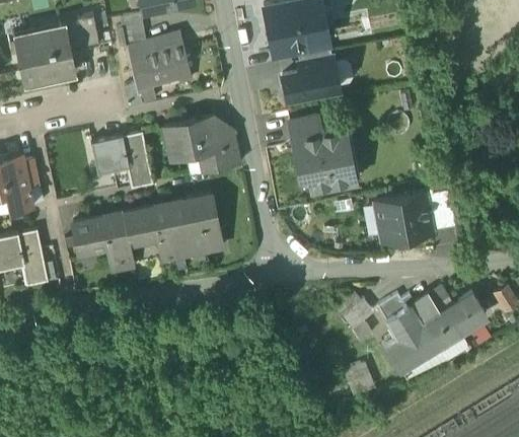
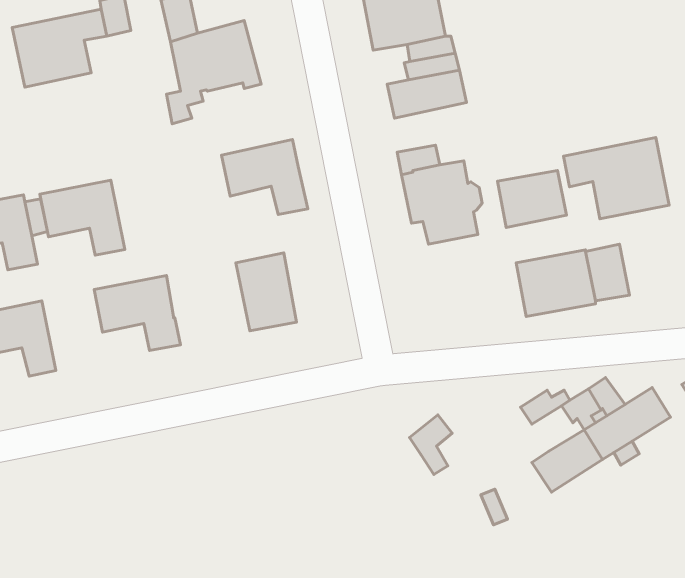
building: none -> [563,137,669,219]
building: [91,133,152,187] -> [40,180,125,255]
building: [219,133,241,167] -> none
building: none -> [498,170,567,228]
building: [125,206,184,259] -> none
building: [343,301,373,344] -> [410,415,452,474]
building: [386,308,424,341] -> none

